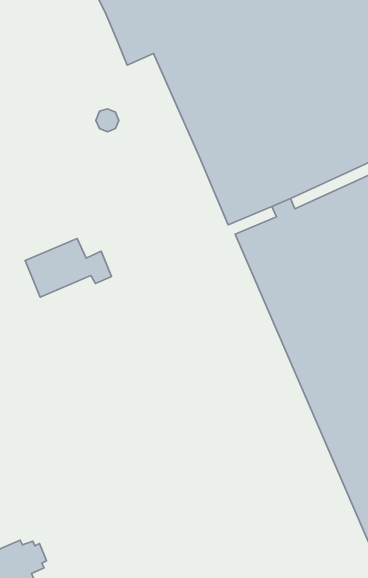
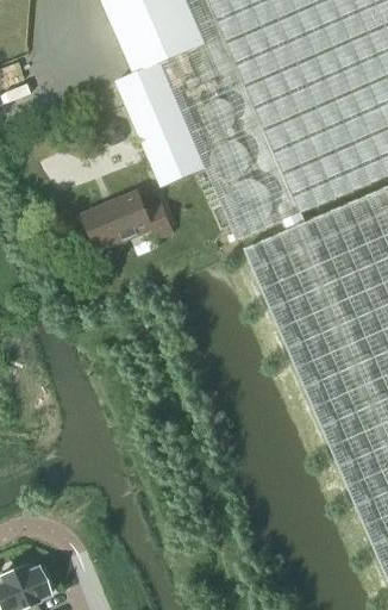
building: none -> [115,62,207,186]
building: [25,239,112,297] -> [83,191,173,251]

